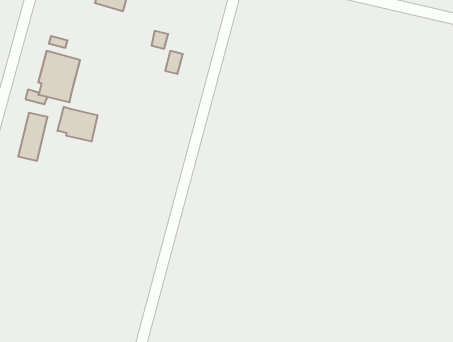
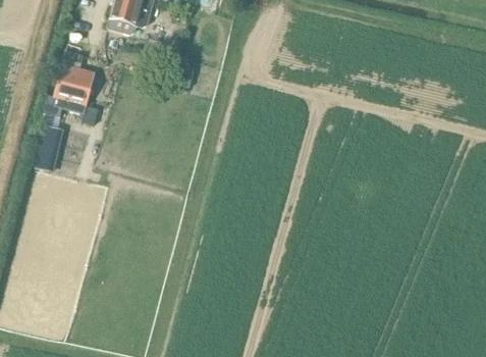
building: [57,107,97,142] -> none

